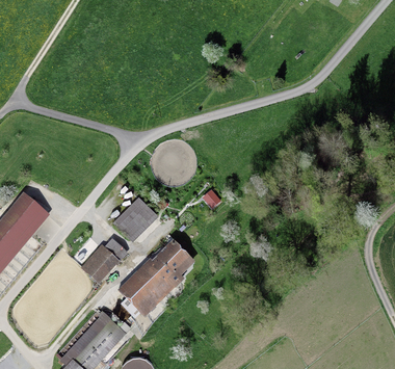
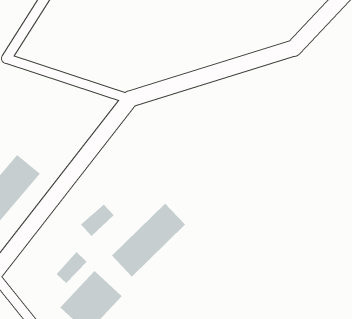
building: [121,203,155,237] -> none
building: none -> [56,251,88,284]

